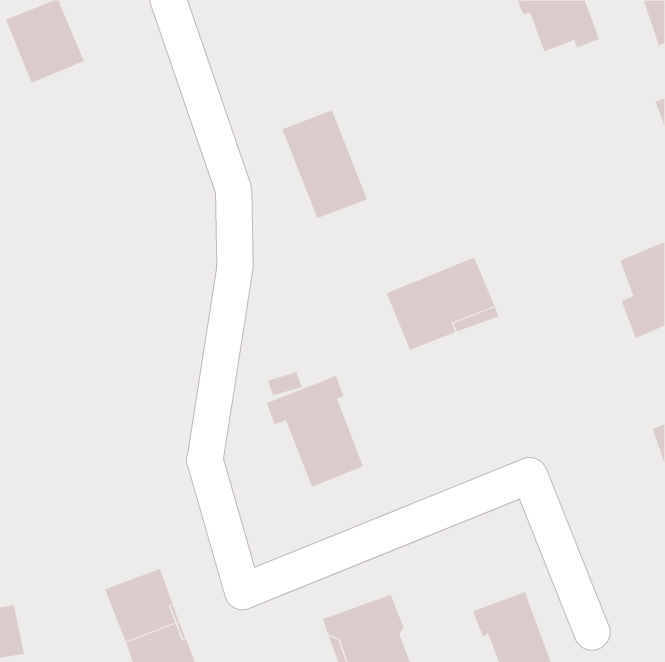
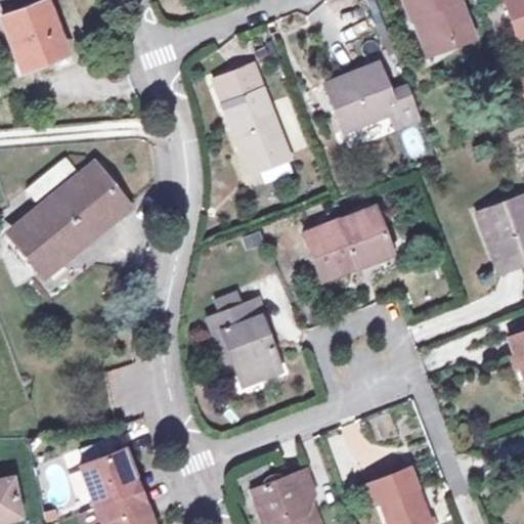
building: none -> [323,62,418,129]
building: none -> [212,64,261,104]
building: none -> [14,160,131,272]

